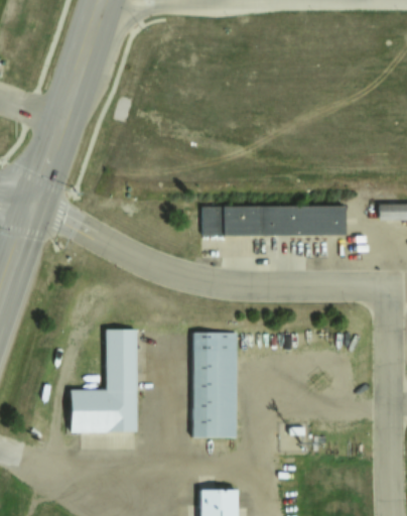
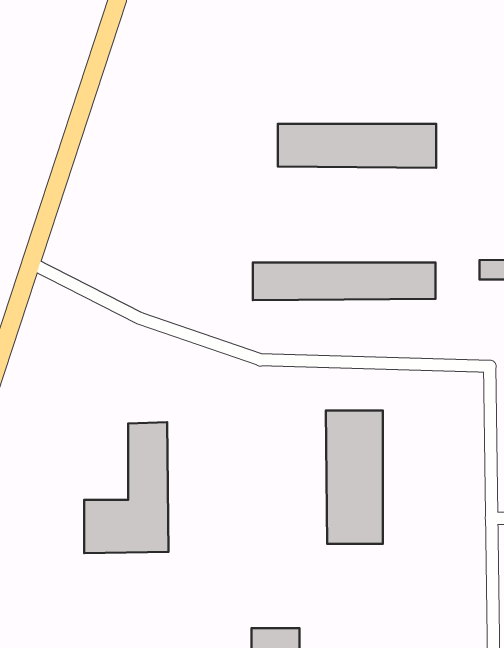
building: none -> [278,124,436,168]
building: [192,333,237,436] -> [326,410,383,544]

